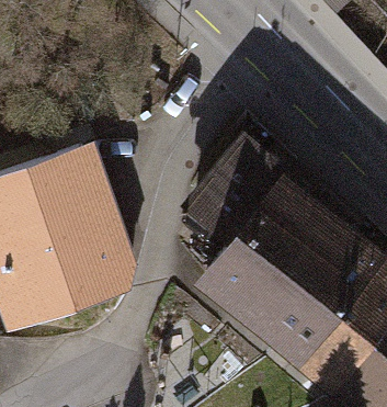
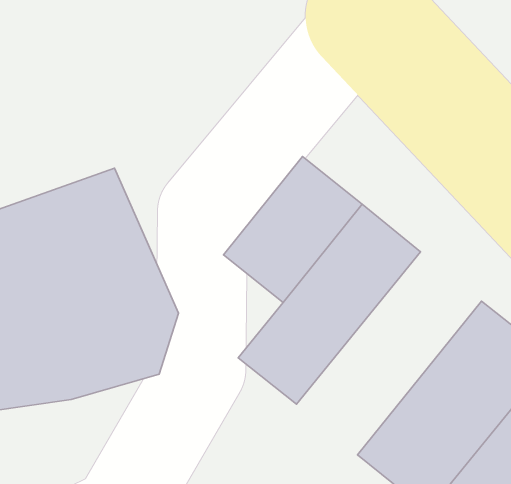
building: [221,204,357,353] -> none

